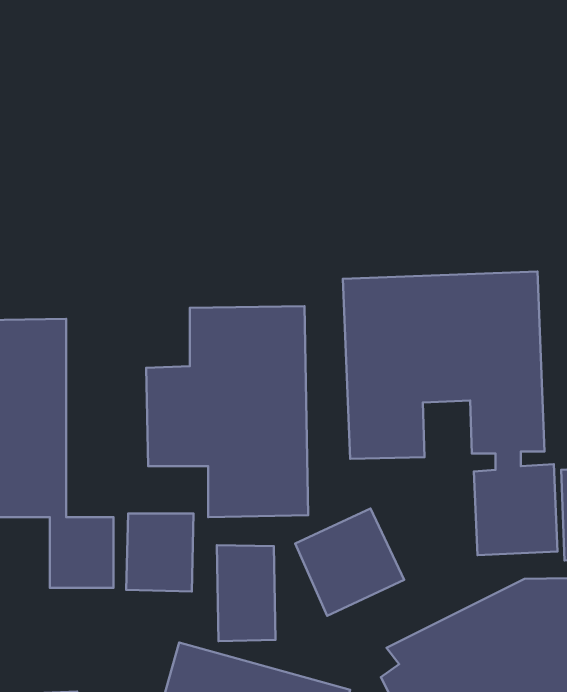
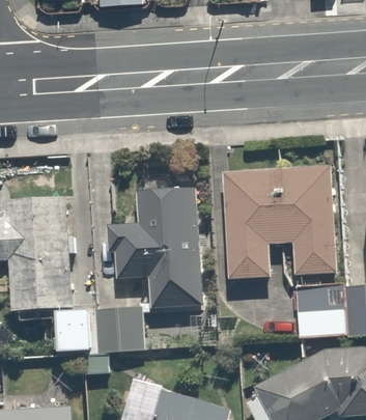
building: [295,508,404,616] -> none
building: [217,545,275,641] -> none

